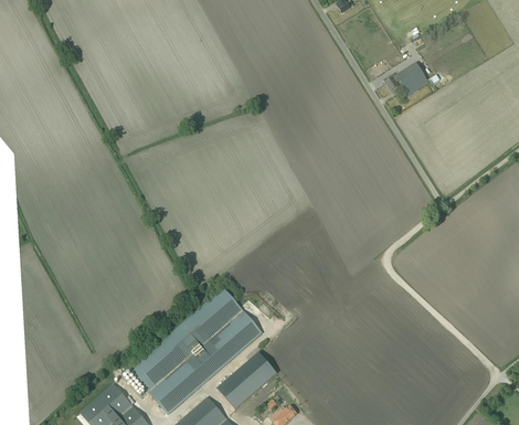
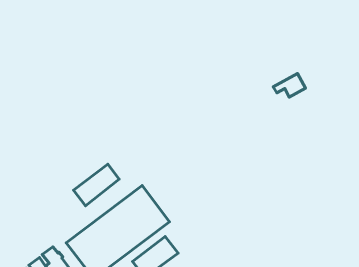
building: [385,63,428,95] -> [273,74,306,97]
building: none -> [74,164,119,206]

